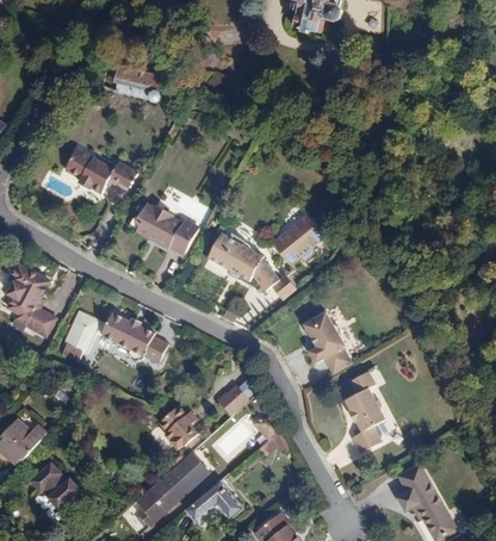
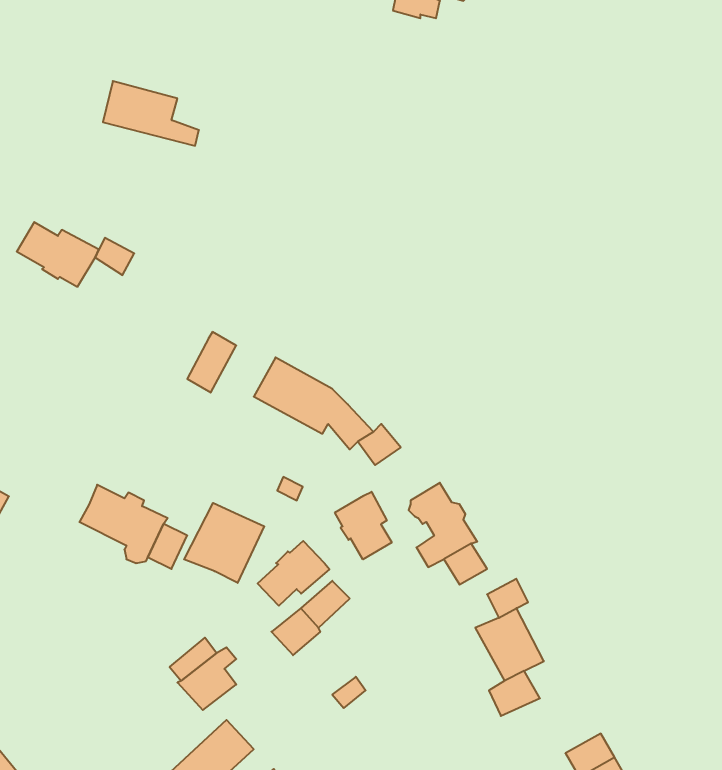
building: [135,203,180,248] -> none
building: [269,213,323,265] -> none
building: [62,309,100,352] -> none
building: none -> [335,492,392,559]
building: none -> [184,503,264,583]
building: none -> [258,541,329,606]

